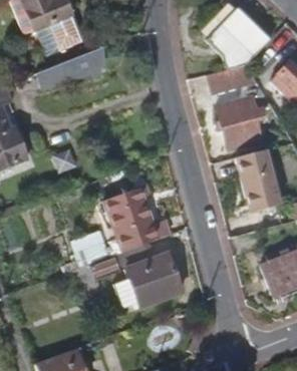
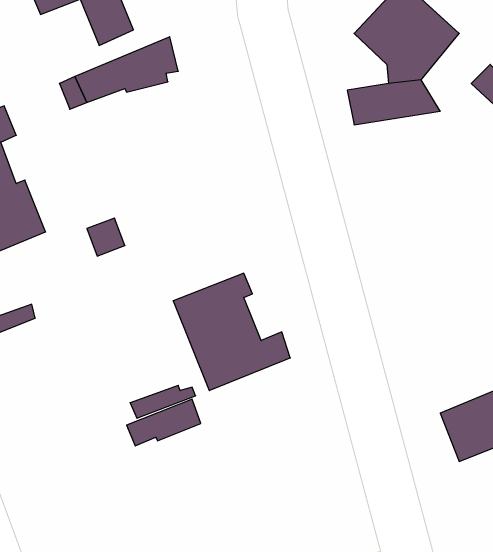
building: [215,98,267,149] -> none
building: [235,151,277,210] -> none
building: [125,254,183,308] -> none

